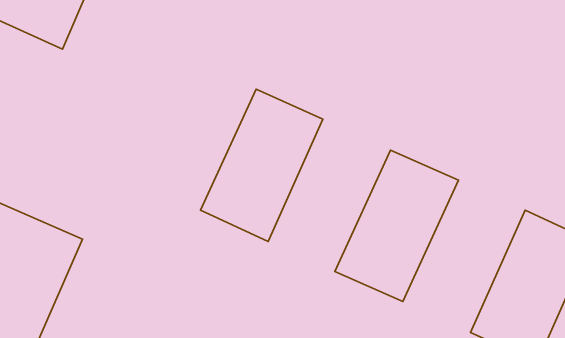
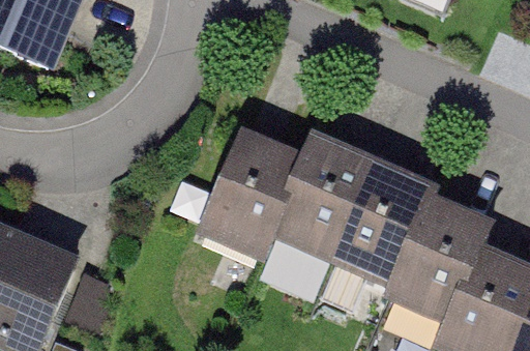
building: none -> [252,140,365,282]
building: none -> [377,197,491,339]

